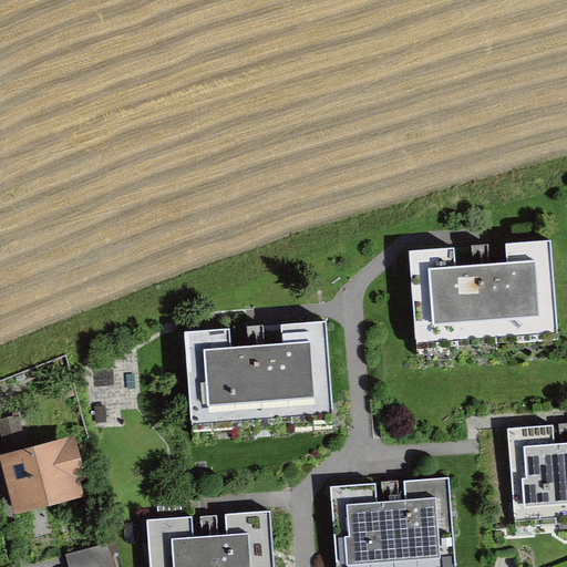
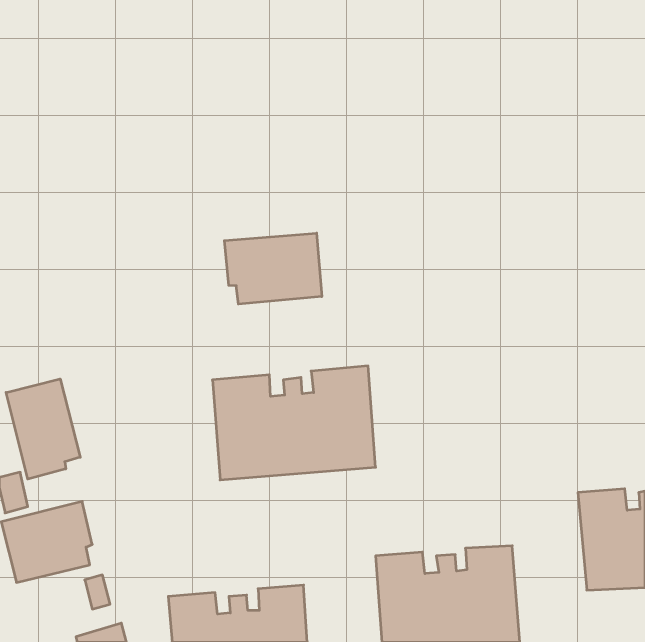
building: none -> [224,233,322,304]
building: [411,243,554,342] -> none
building: none -> [6,379,80,479]

